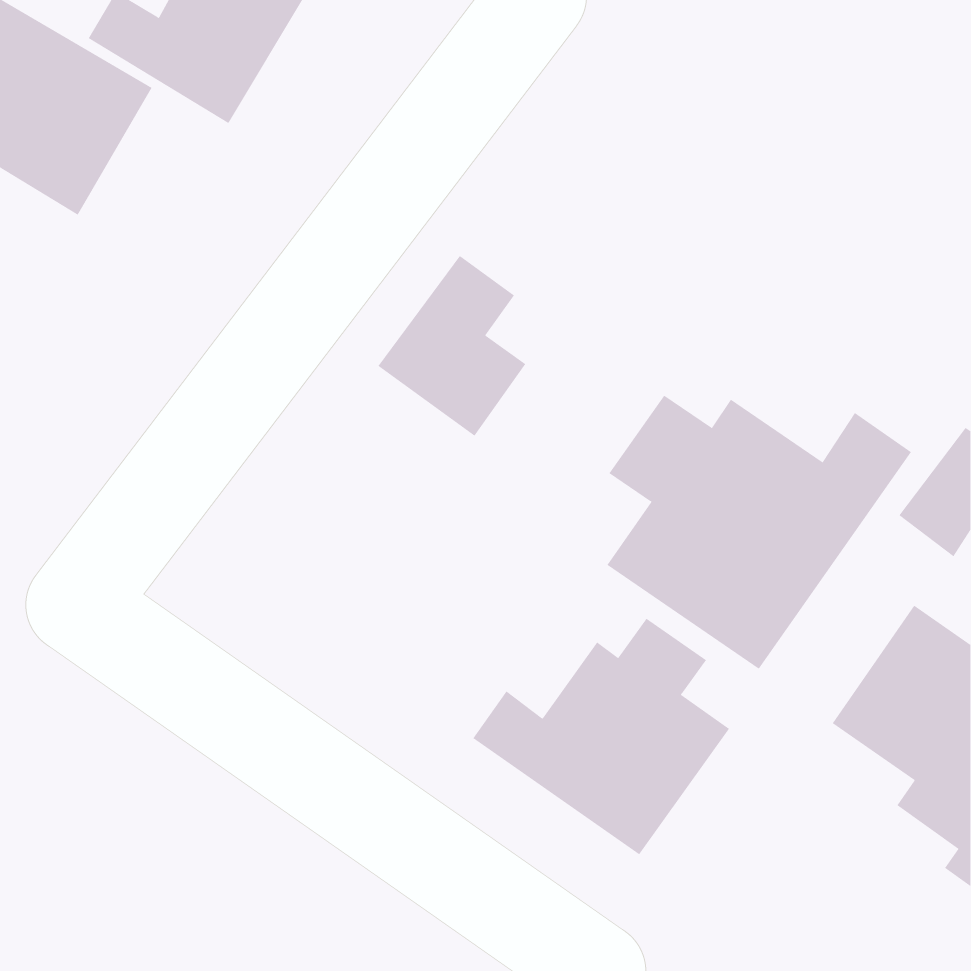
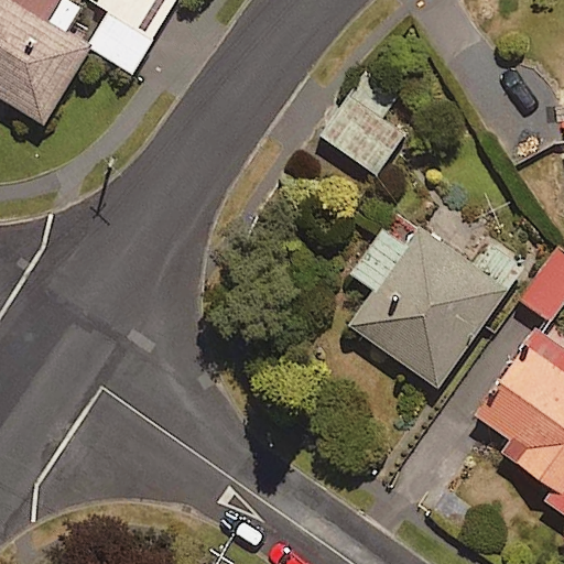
building: [377,255,526,437] -> [318,69,404,174]
building: [473,618,730,855] -> none

